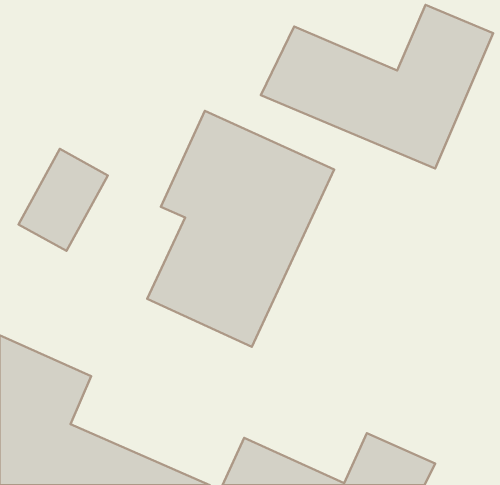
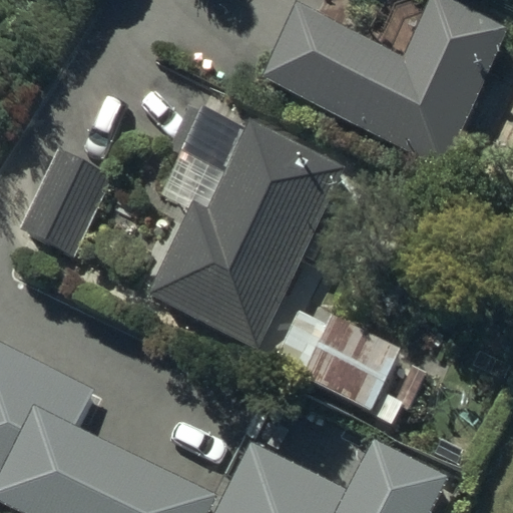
building: none -> [274,300,401,427]

